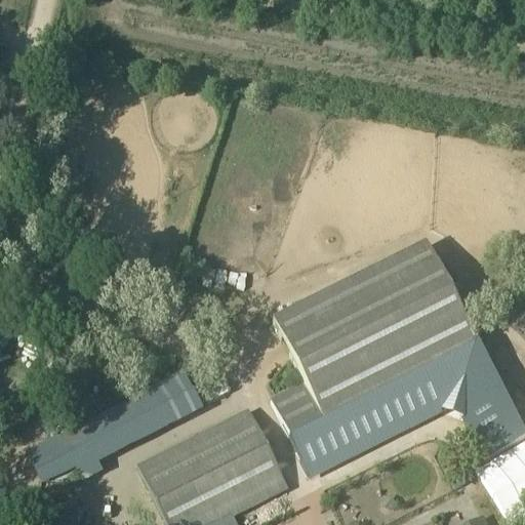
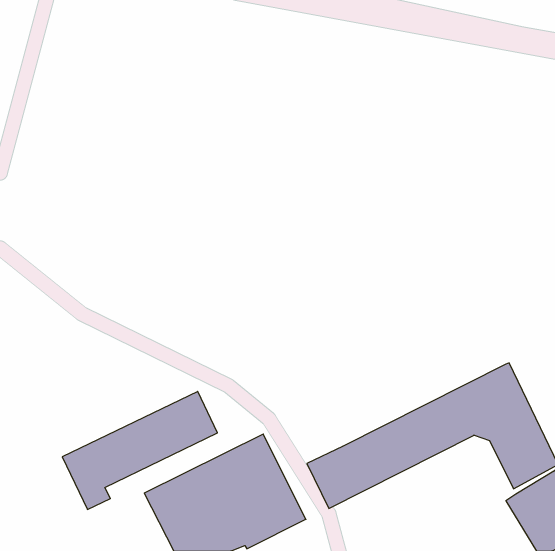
building: [272,241,478,435] -> none

